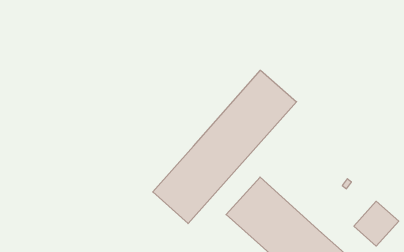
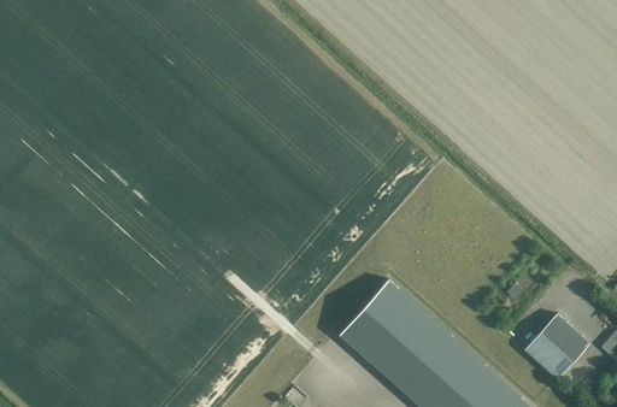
building: [153,70,297,224] -> none

